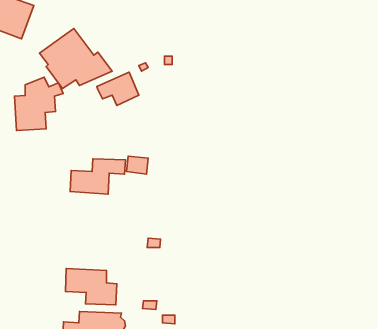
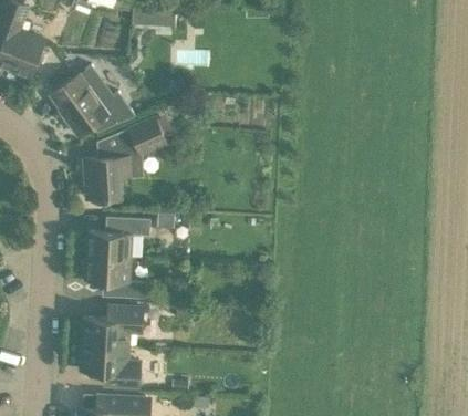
building: [15,77,63,131] -> [84,136,141,198]
building: none -> [85,254,147,298]
building: none -> [82,305,144,346]

